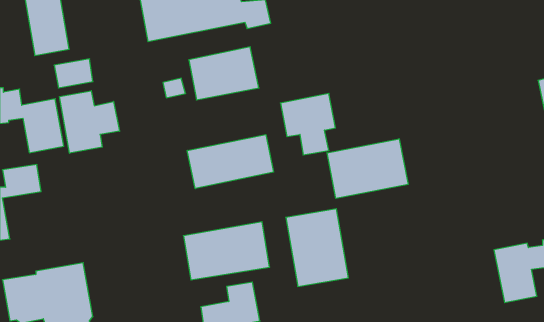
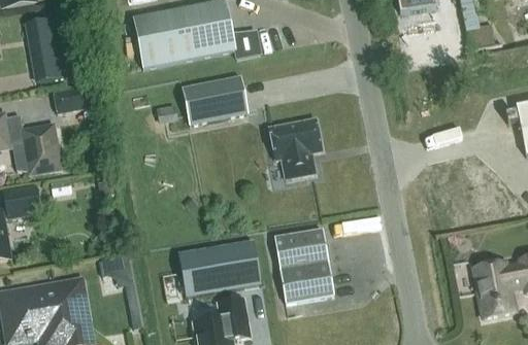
building: [60,91,120,153] -> none
building: [187,135,273,189] -> none
building: [327,139,408,198] -> none

